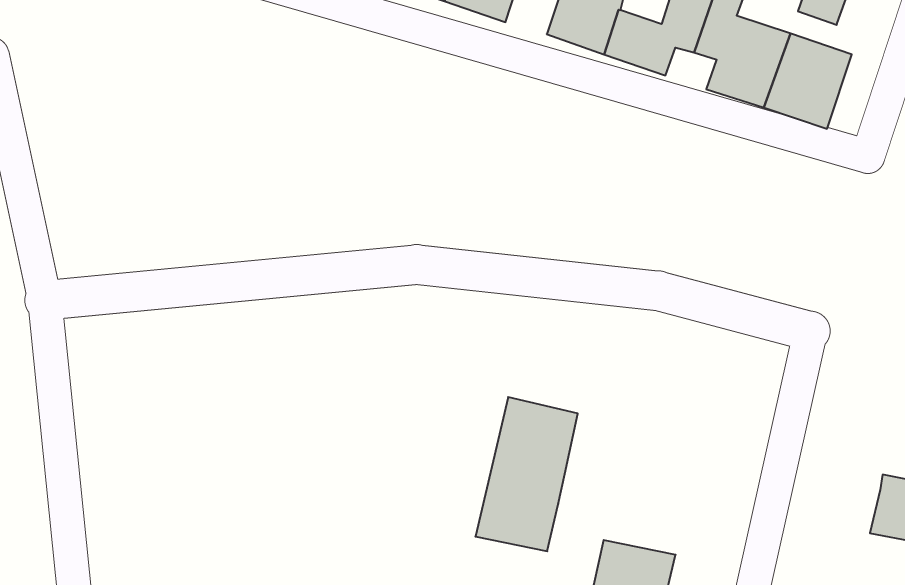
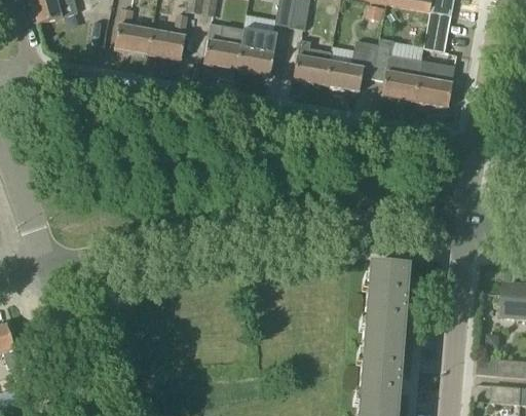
building: [475,397,578,551] -> [363,265,407,343]

